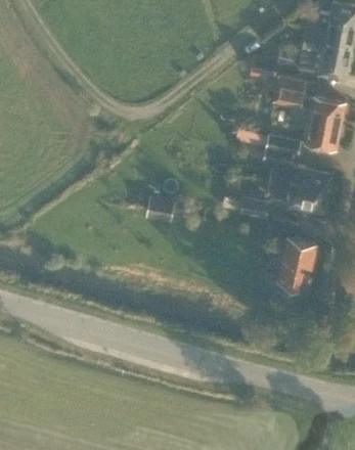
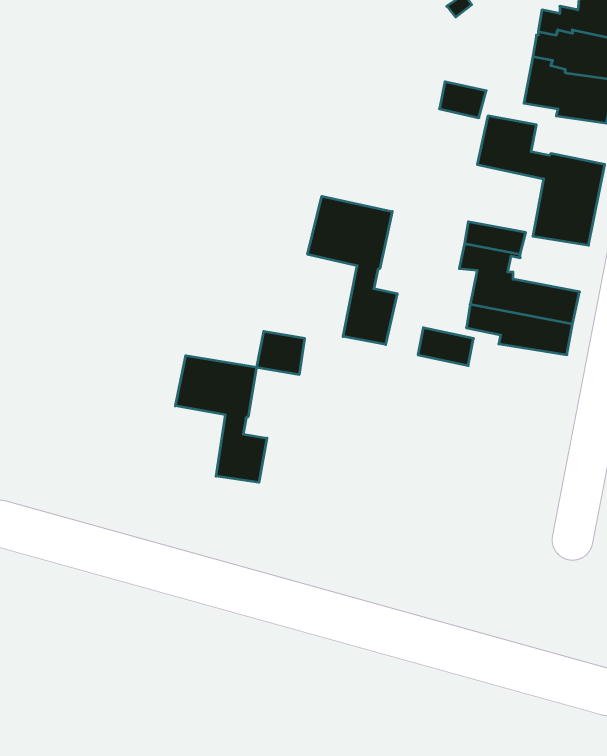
building: none -> [308,196,397,345]
building: none -> [175,356,267,482]
building: [269,217,317,286] -> none

